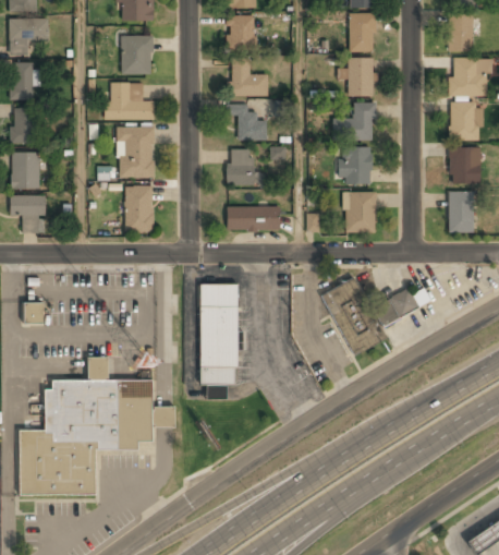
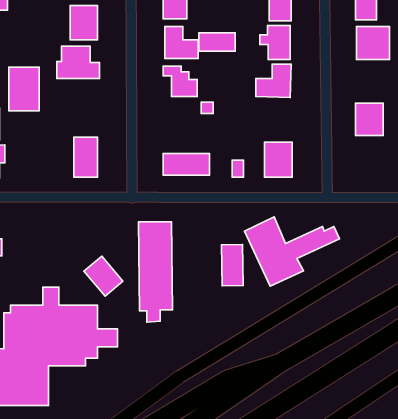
building: none -> [199,33,235,51]
building: [450,102,482,141] -> none
building: [119,126,154,177] -> [9,67,39,111]
building: [340,147,372,184] -> none
building: [228,149,266,185] -> none
building: [449,191,474,232] -> none
building: none -> [222,245,243,286]
building: none -> [84,256,123,296]

